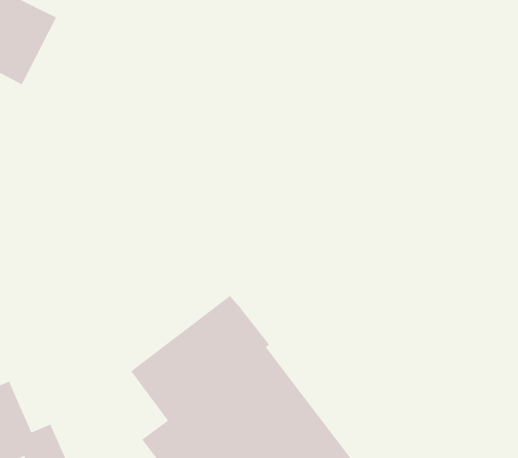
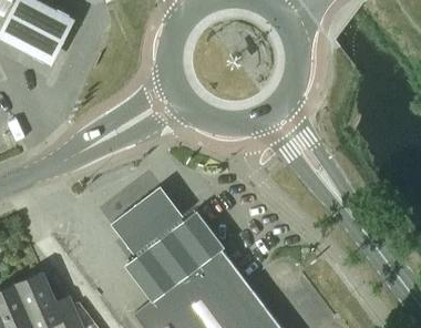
building: none -> [107,184,183,255]

